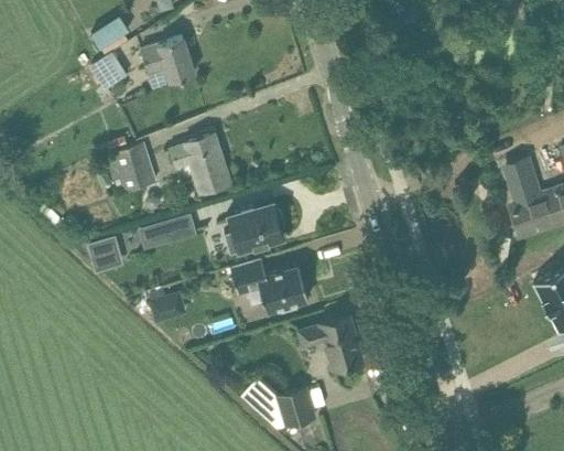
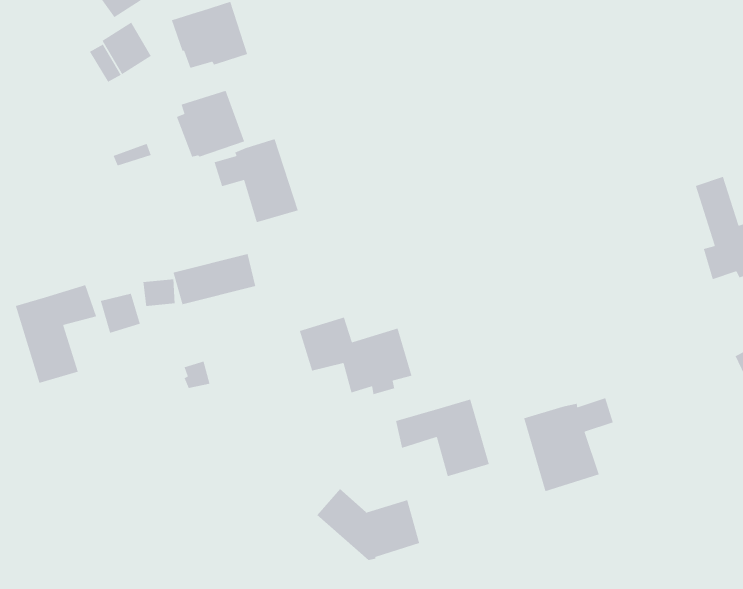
building: [108,144,156,192] -> [176,90,245,158]
building: [224,202,284,255] -> none
building: none -> [15,284,97,384]
building: none -> [523,397,614,492]

